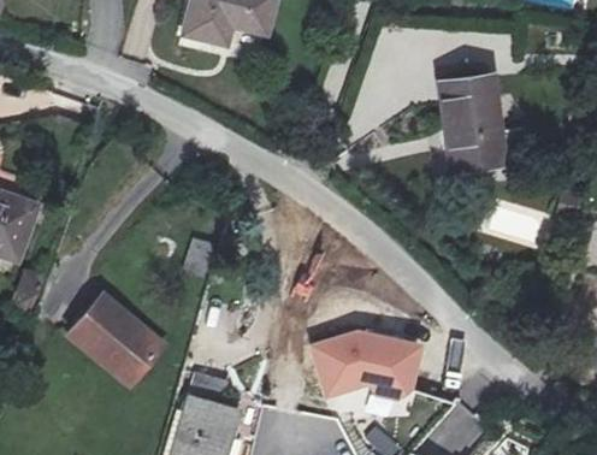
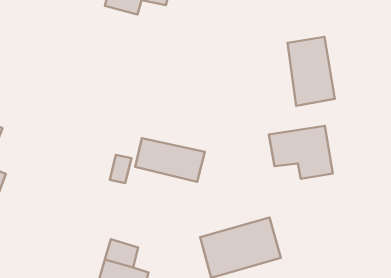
building: none -> [269,126,333,179]
building: none -> [135,138,205,182]
building: [63,291,160,384] -> none

